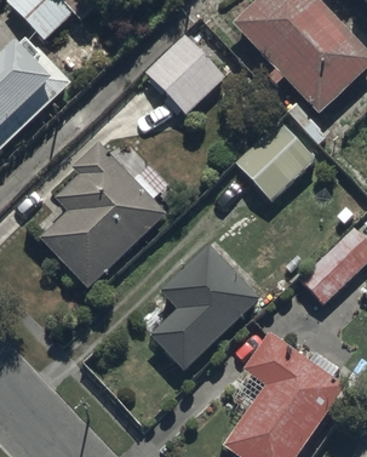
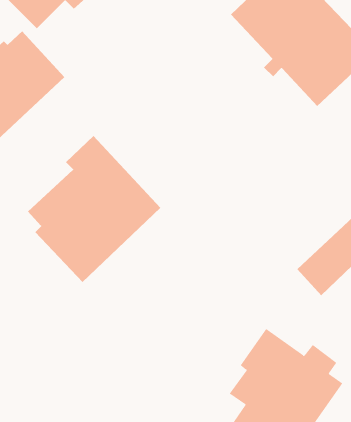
building: [145,33,224,113] -> none
building: [235,121,314,200] -> none
building: [150,245,259,371] -> none

